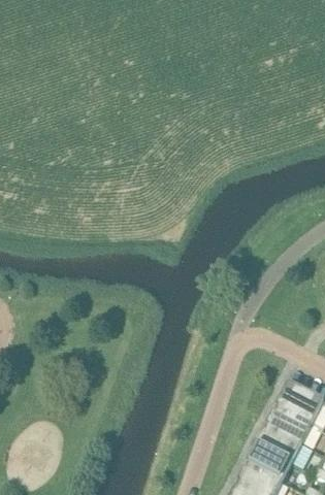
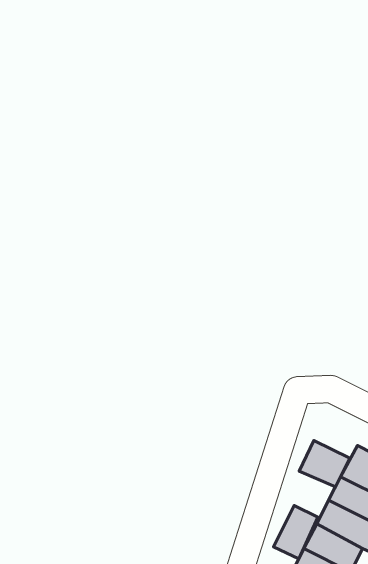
building: none -> [299,440,350,487]
building: none -> [274,505,318,559]

